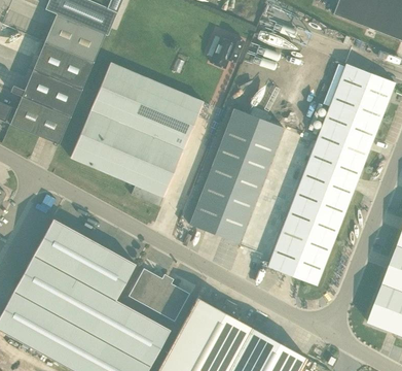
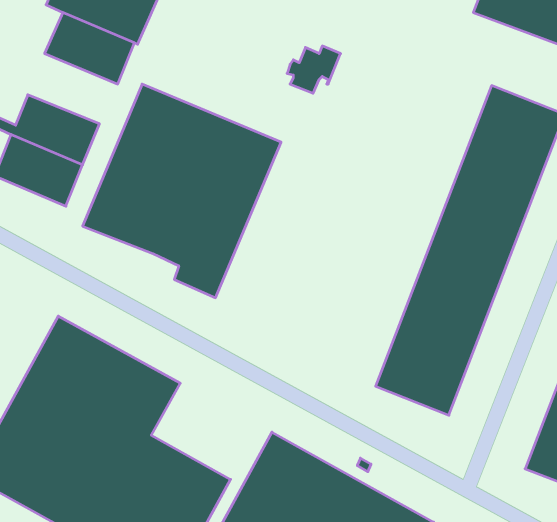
building: [33,41,94,89] -> none
building: [189,108,284,243] -> none
building: [129,268,189,321] -> none

